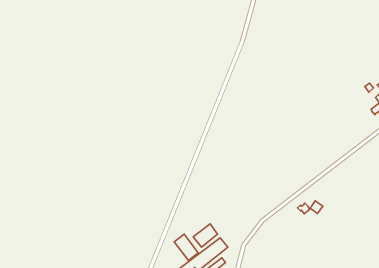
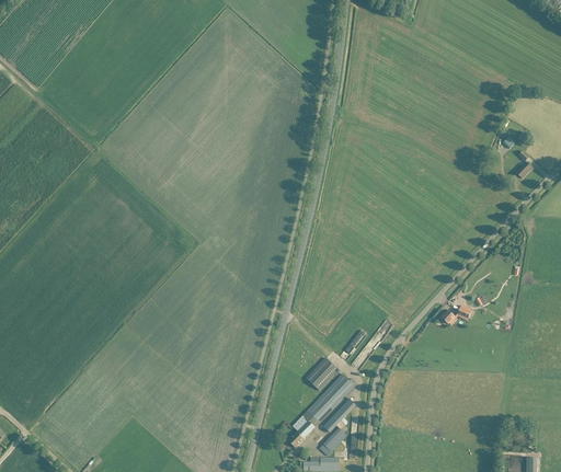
building: [174,234,198,261] -> none

